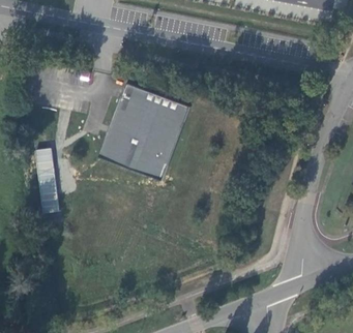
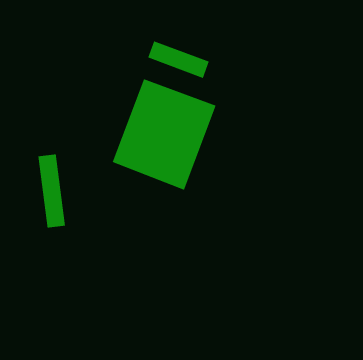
building: none -> [148,40,209,79]

